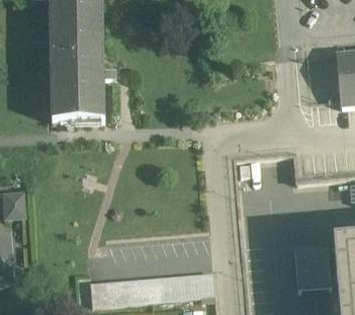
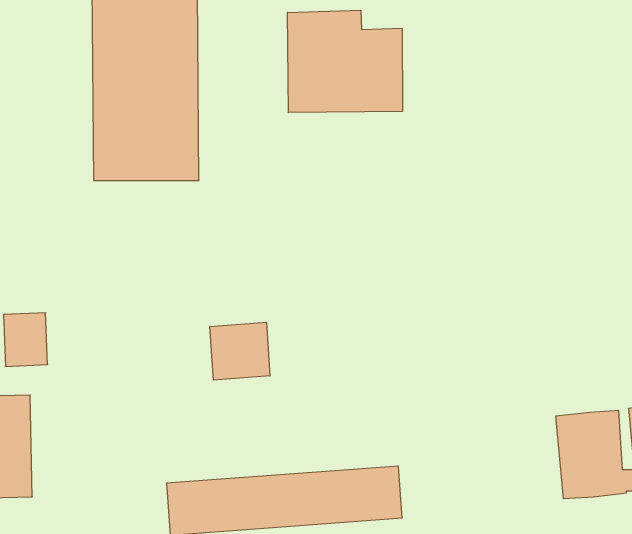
building: none -> [288,10,403,113]
building: none -> [210,322,270,380]

